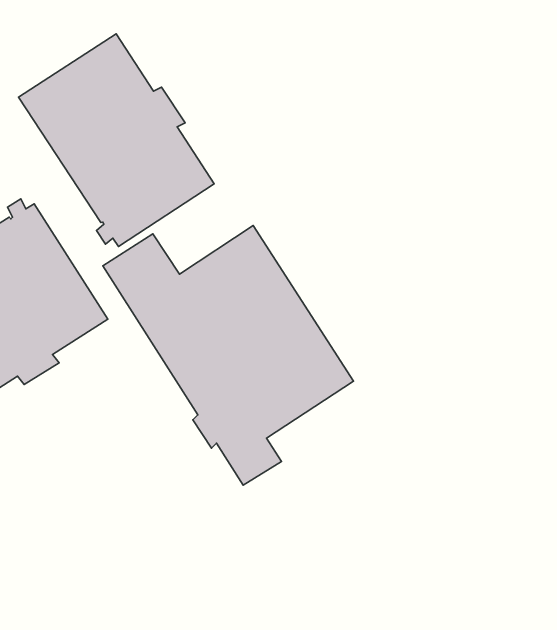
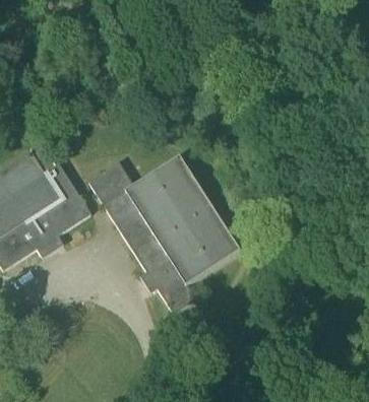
building: [19,34,214,246] -> none

